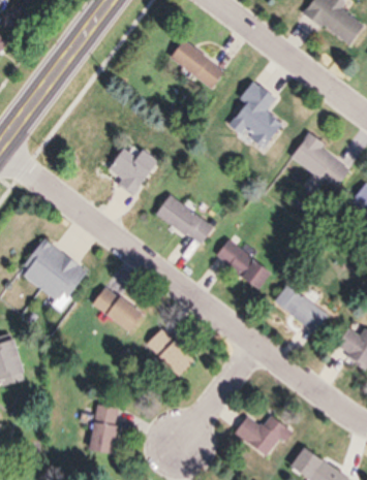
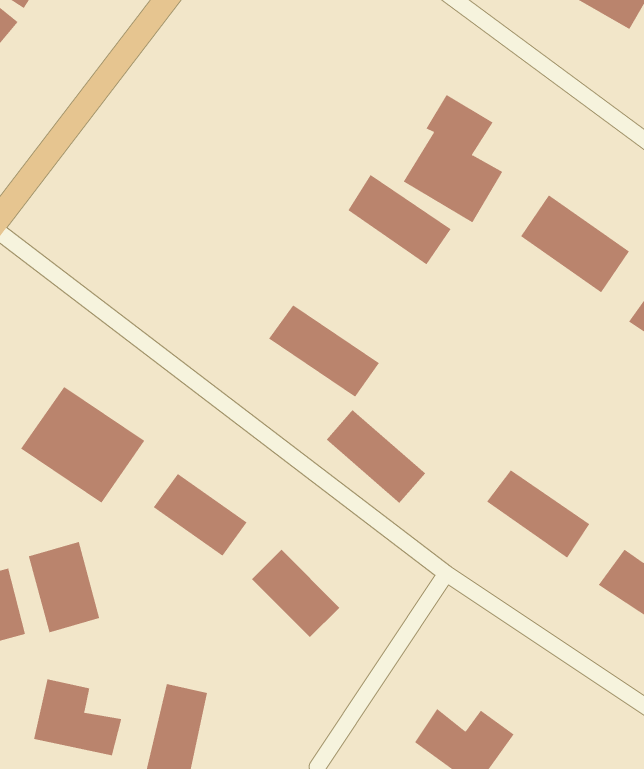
building: [169,40,225,90] -> [347,174,452,265]
building: [108,149,157,195] -> none
building: [215,238,270,290] -> [326,409,426,504]
building: none -> [28,541,100,633]
building: none -> [34,679,122,756]

